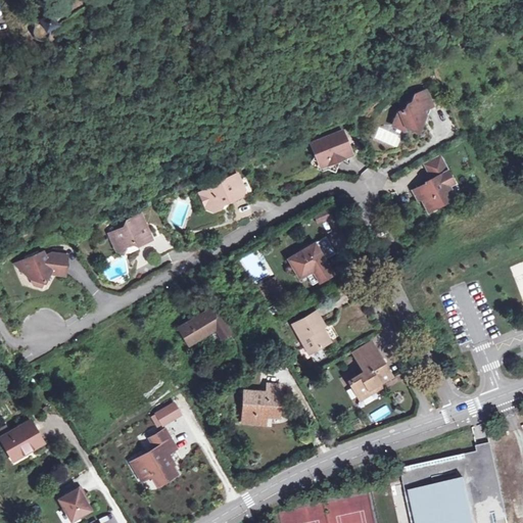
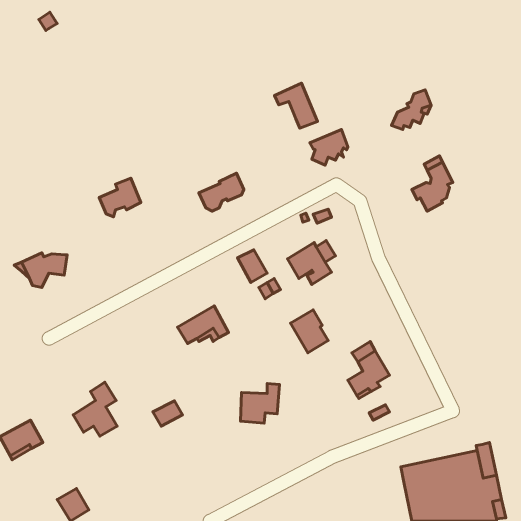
building: none -> [275,83,318,128]
building: [109,215,151,253] -> [99,178,141,217]
building: [133,430,177,484] -> [73,382,117,436]

